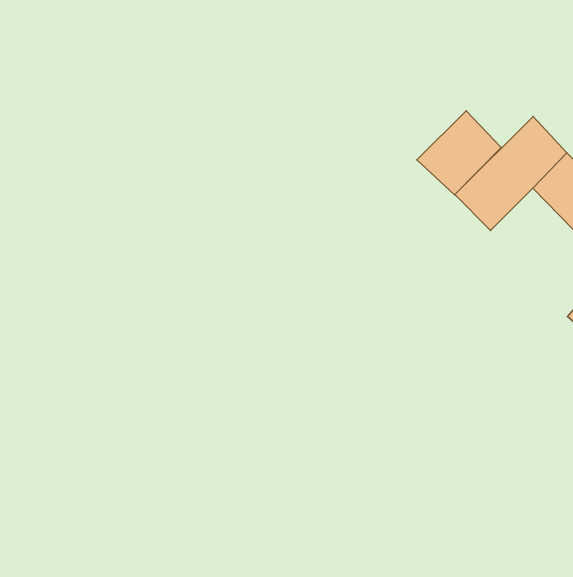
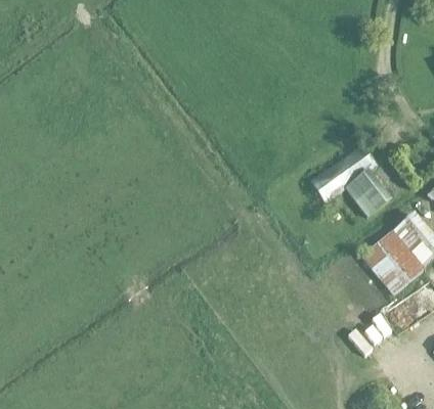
building: [417,111,501,195] -> none

